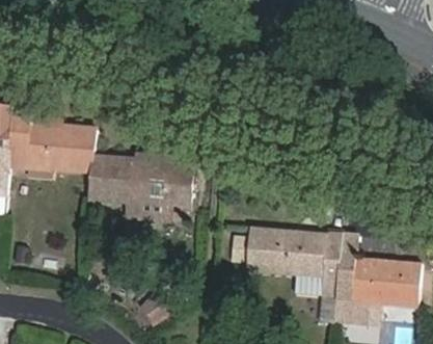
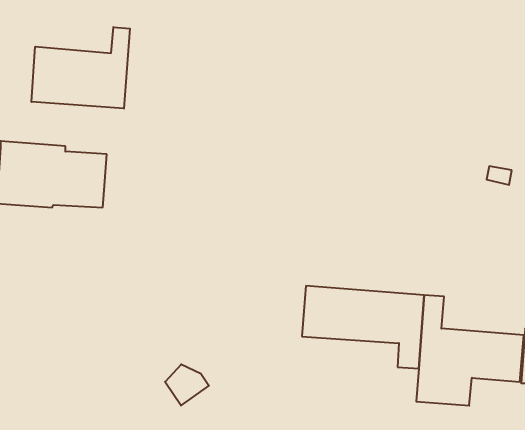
building: none -> [31,27,130,109]
building: [90,154,192,218] -> none

